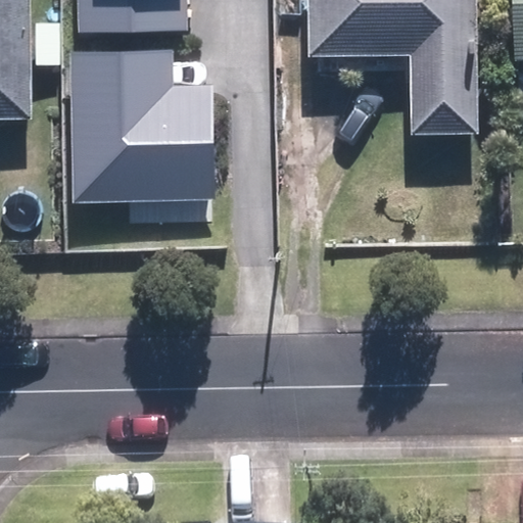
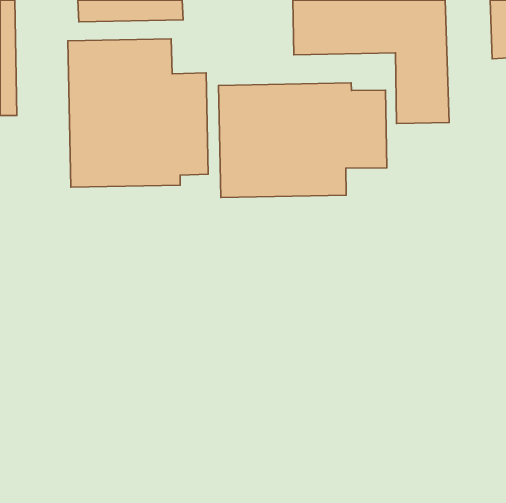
building: none -> [219,83,387,197]

